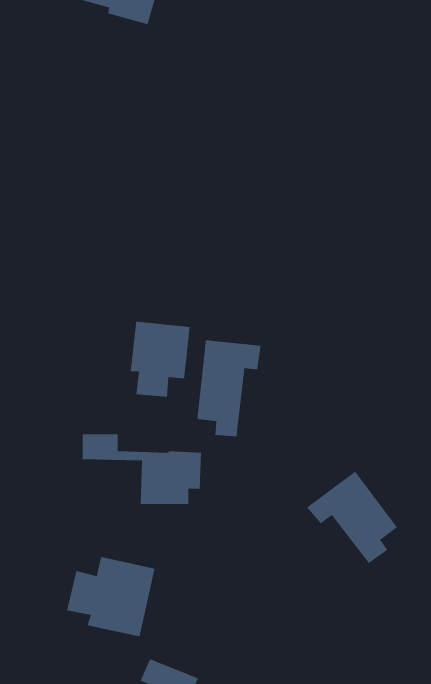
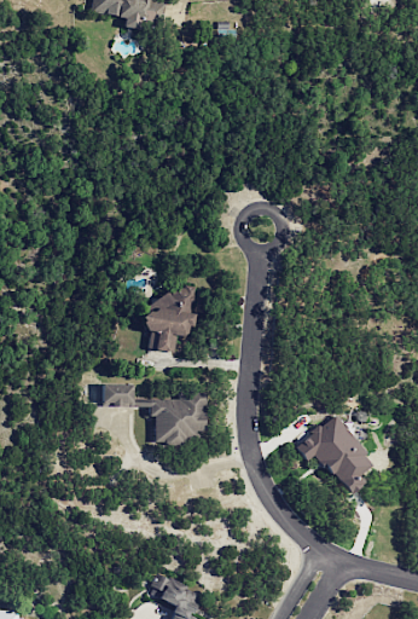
building: [197,340,261,437] -> none
building: [66,556,155,637] -> none

